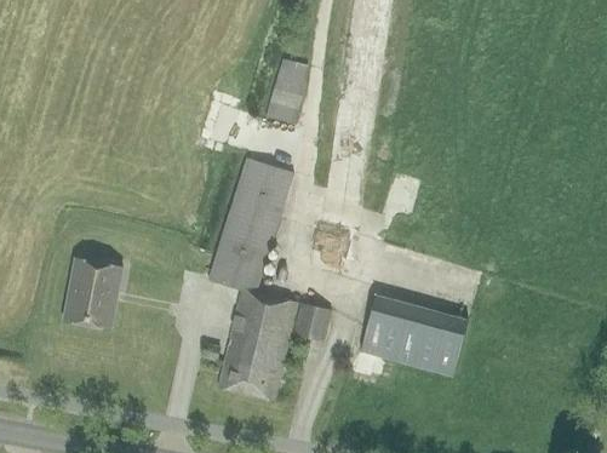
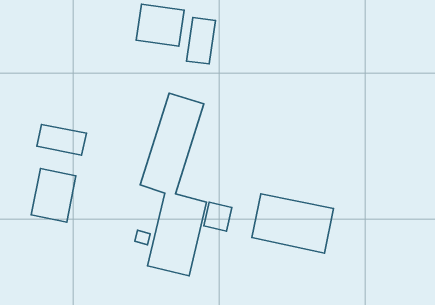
building: none -> [136,4,184,46]
building: none -> [37,124,86,155]

